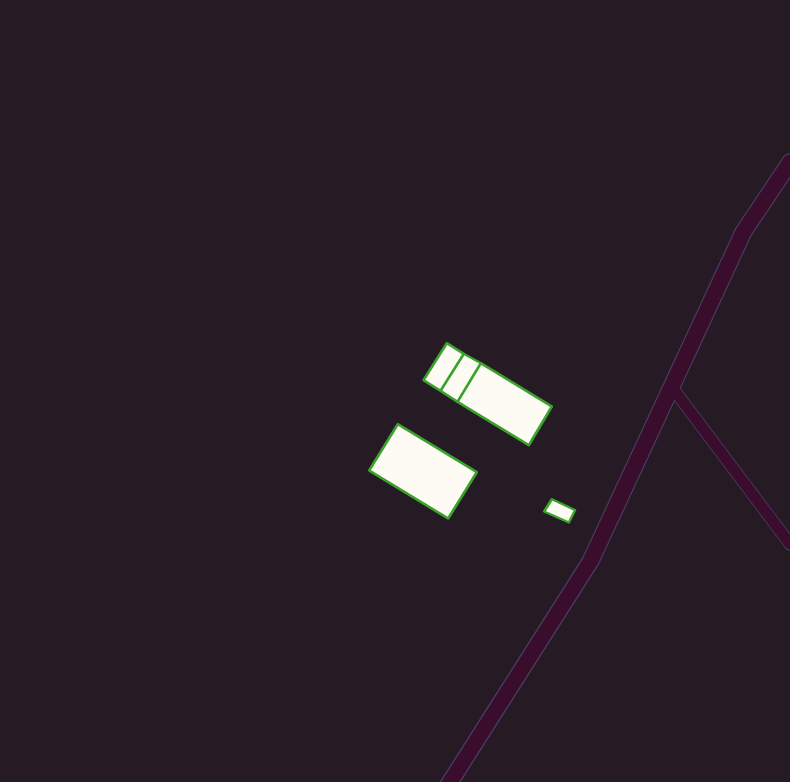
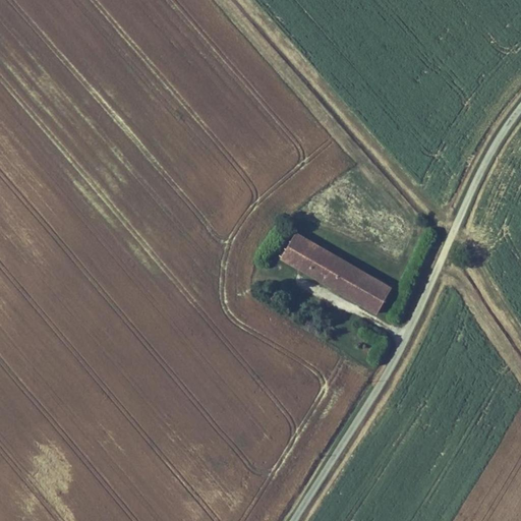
building: none -> [348,273,392,315]
building: [369,424,477,519] -> none

